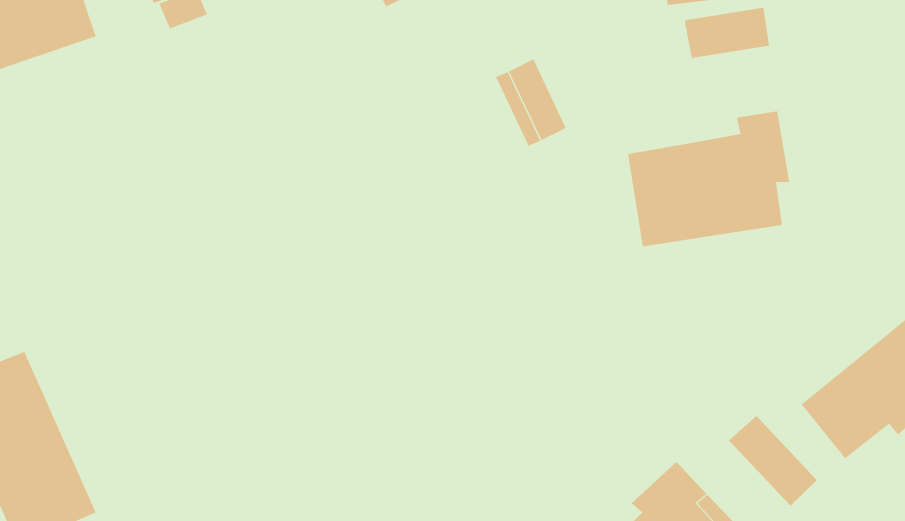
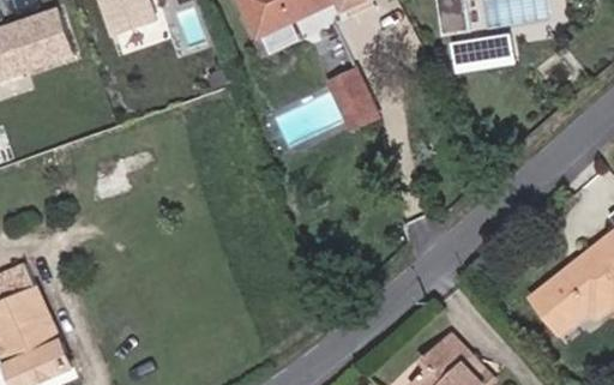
building: [627,111,790,247] -> none
building: [728,415,817,507] -> none

